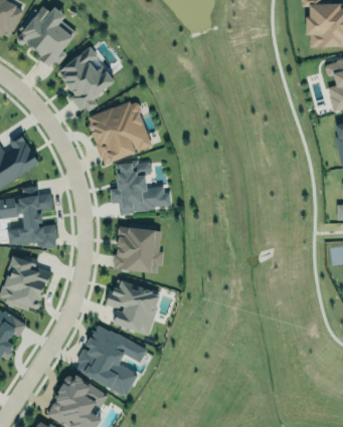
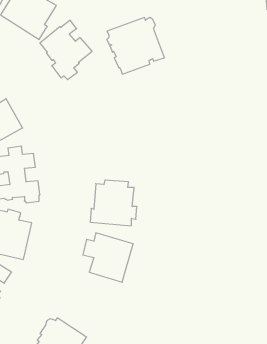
building: [89,101,152,164] -> [107,18,165,74]
building: [111,161,171,217] -> none
building: [76,326,147,396] -> none

